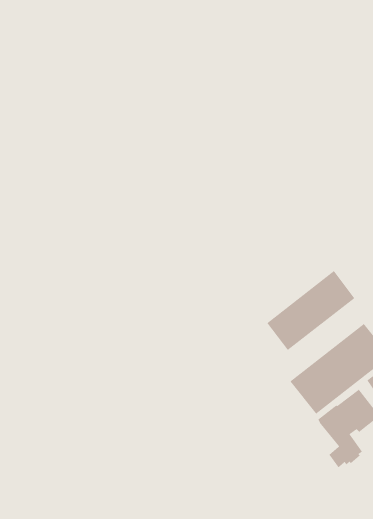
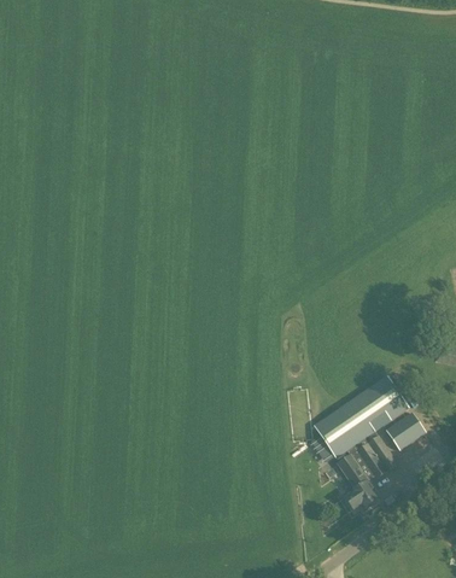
building: [266,270,355,351] -> none

